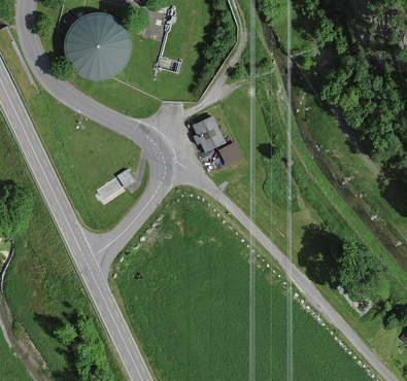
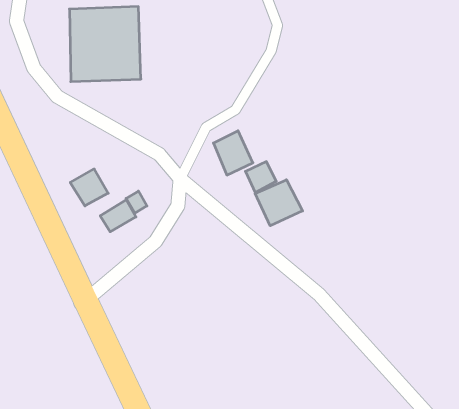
building: none -> [70,169,108,206]
building: none -> [255,180,303,226]

